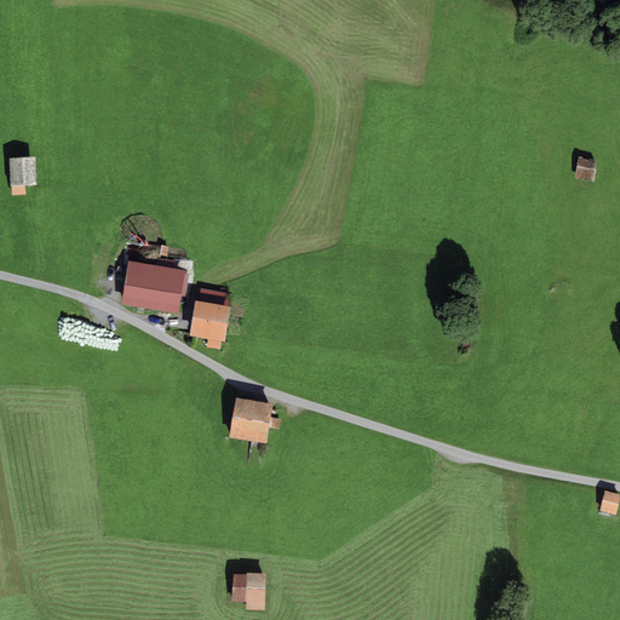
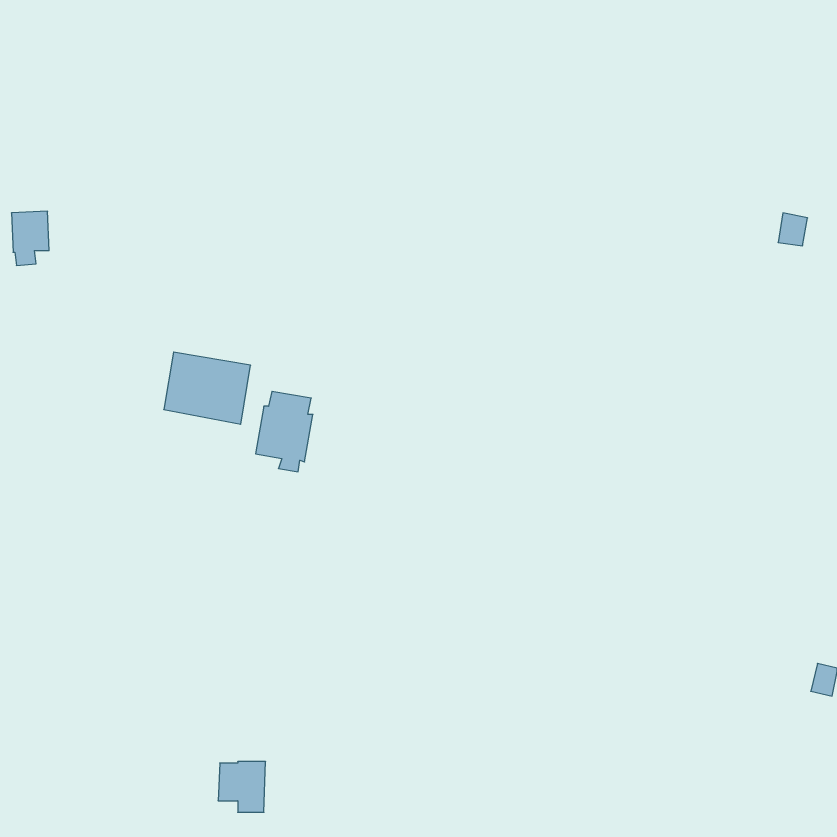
building: [229,397,282,448] -> none
building: [231,573,266,610] -> [218,762,266,812]

